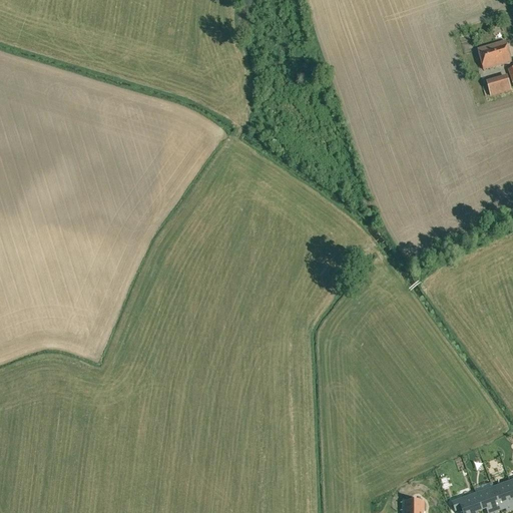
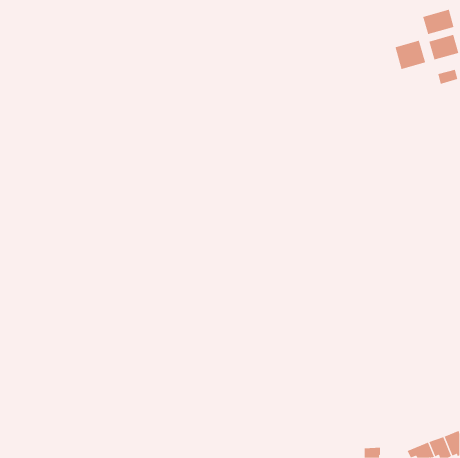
building: none -> [422,9,454,35]
building: none -> [395,40,426,70]

